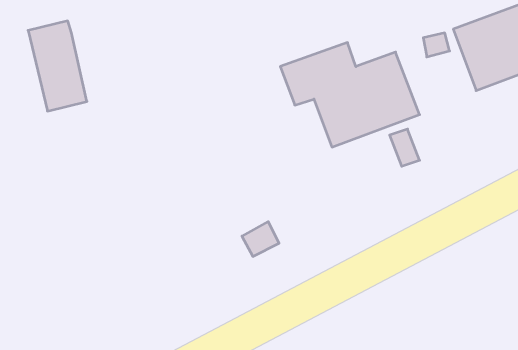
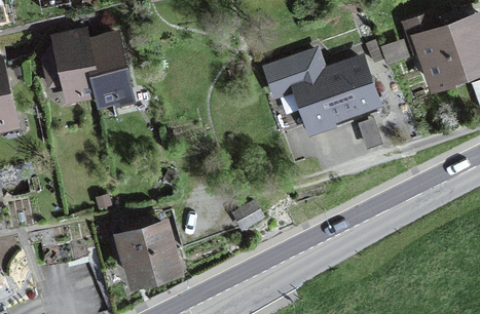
building: none -> [85,32,136,110]
building: none -> [113,214,179,285]

